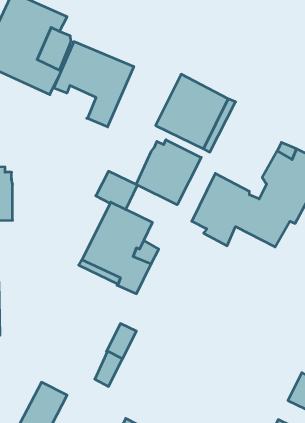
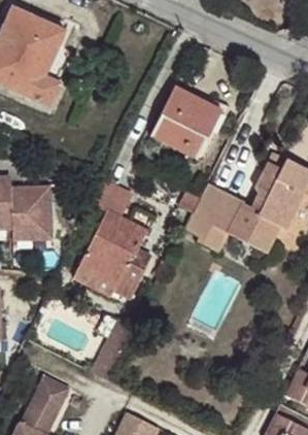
building: [54,42,134,127] -> none
building: [136,140,201,205] -> none
building: none -> [12,186,52,238]

